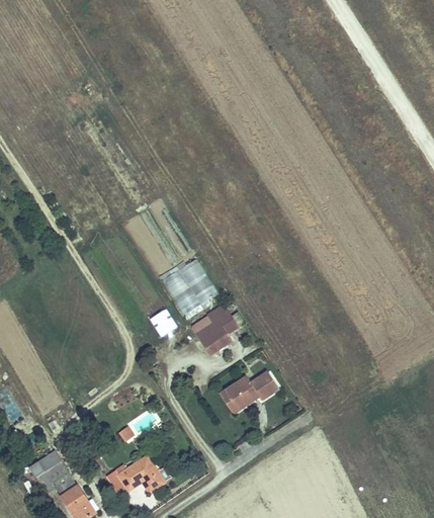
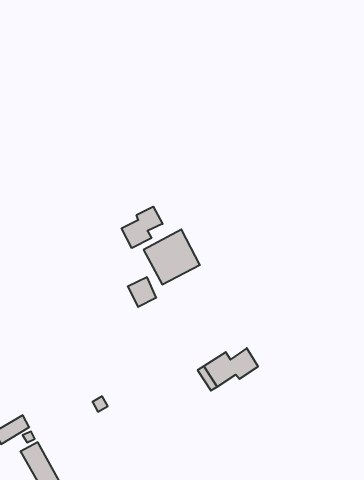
building: none -> [122,207,163,248]
building: [192,305,235,350] -> none
building: [111,455,167,494] -> none

